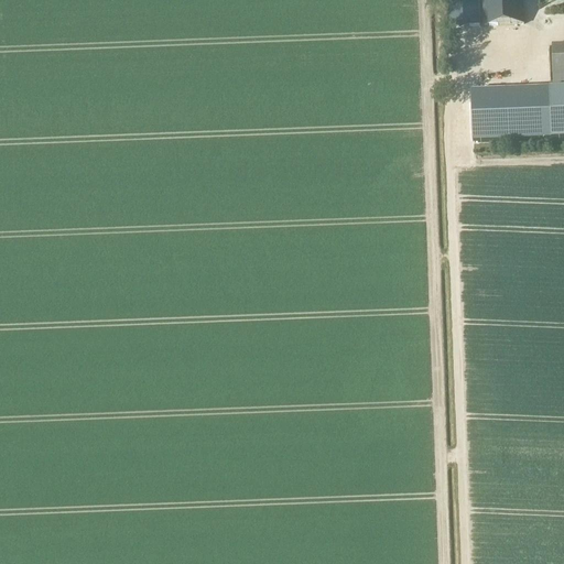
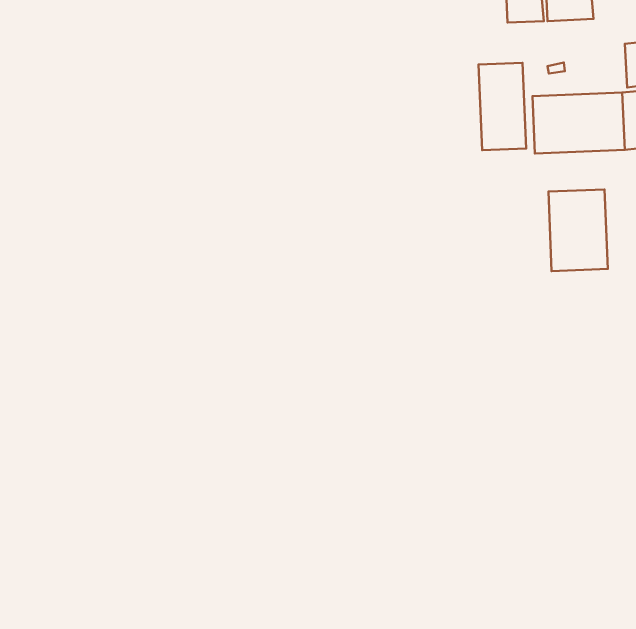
building: none -> [479,63,526,150]
building: none -> [548,189,608,271]

